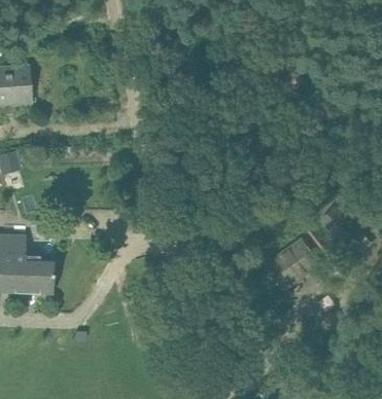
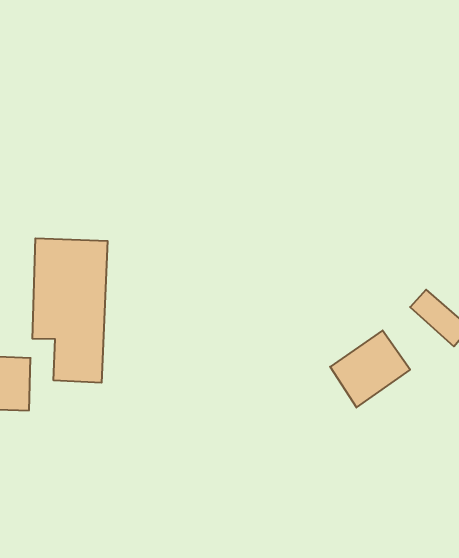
building: none -> [32,238,108,383]

